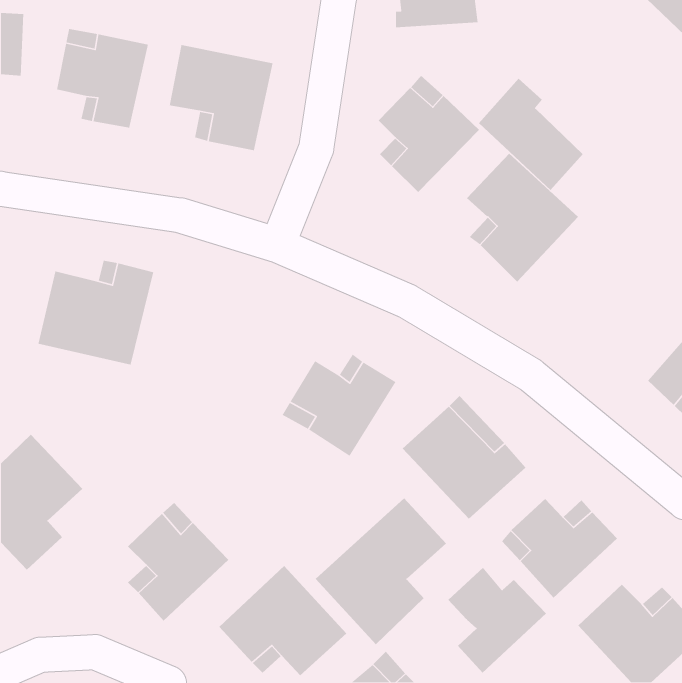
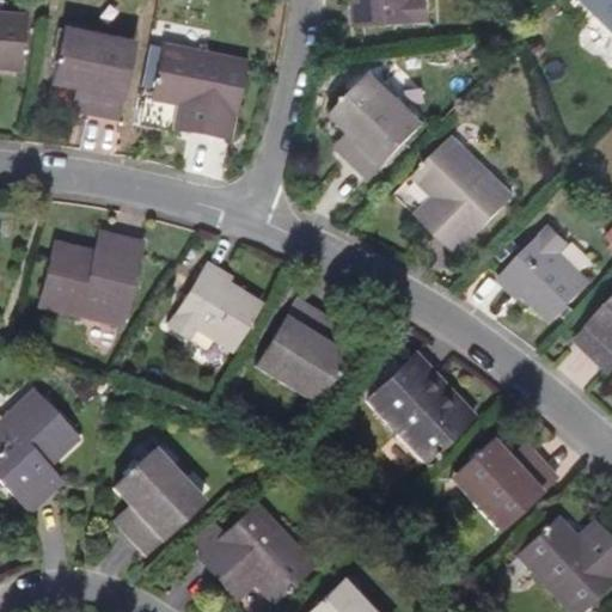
building: [478,78,584,191] -> none
building: none -> [503,224,595,322]
building: none -> [164,267,257,355]
building: [315,498,447,645] -> none
building: [448,567,547,674] -> none

